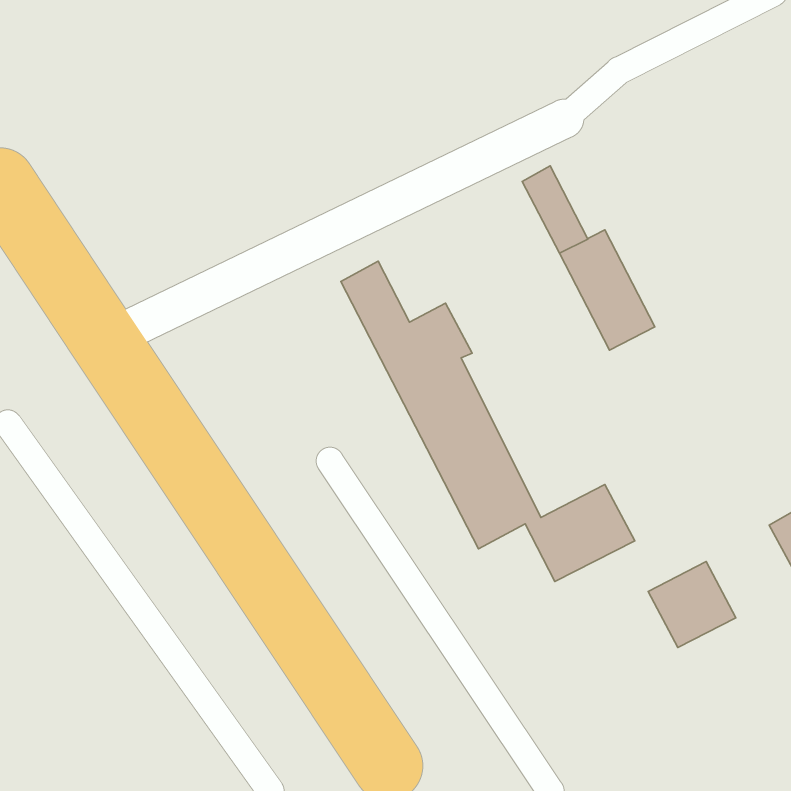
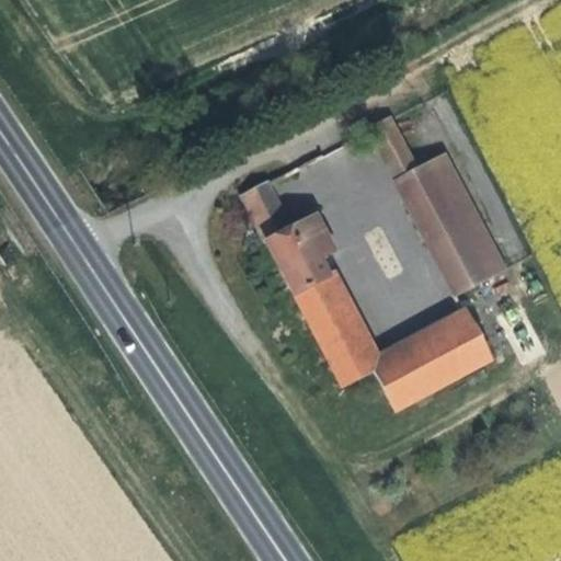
building: none -> [430,152,506,293]
building: [648,562,736,648] -> [430,319,491,379]

